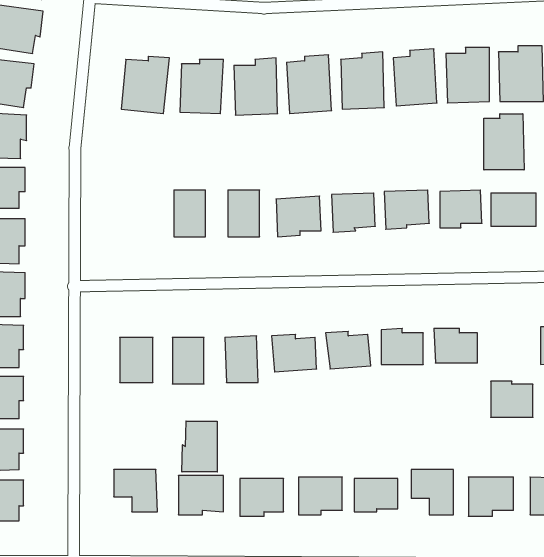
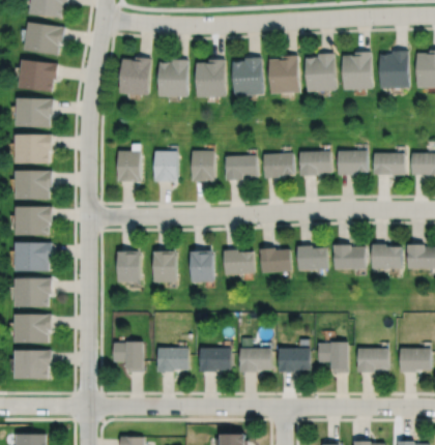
building: [484,114,524,170] -> none
building: none -> [118,150,141,183]
building: [491,381,533,417] -> [373,244,402,269]
building: [182,421,217,472] -> none

